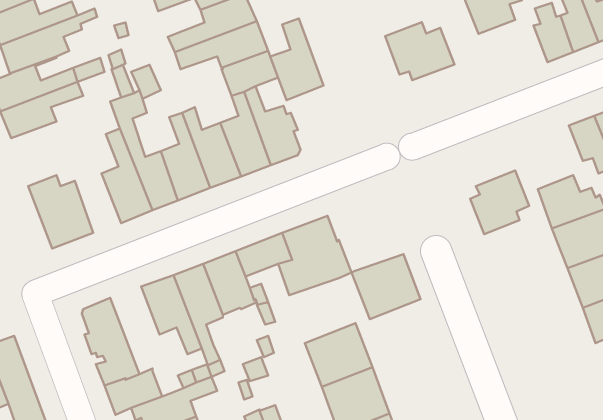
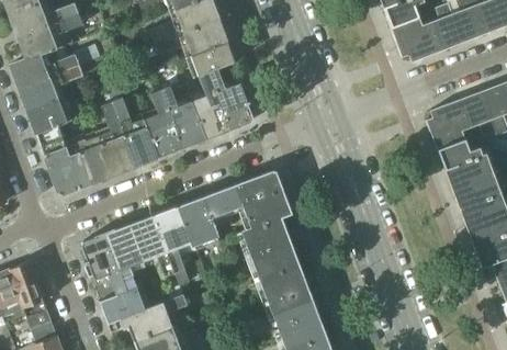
building: [270,19,324,100] -> none
building: [385,22,454,80] -> [391,16,444,61]
building: none -> [27,95,82,146]
building: [470,171,529,234] -> [426,99,472,148]
building: none -> [77,136,113,182]
building: [351,254,421,319] -> [241,217,295,268]
building: none -> [104,224,143,292]

